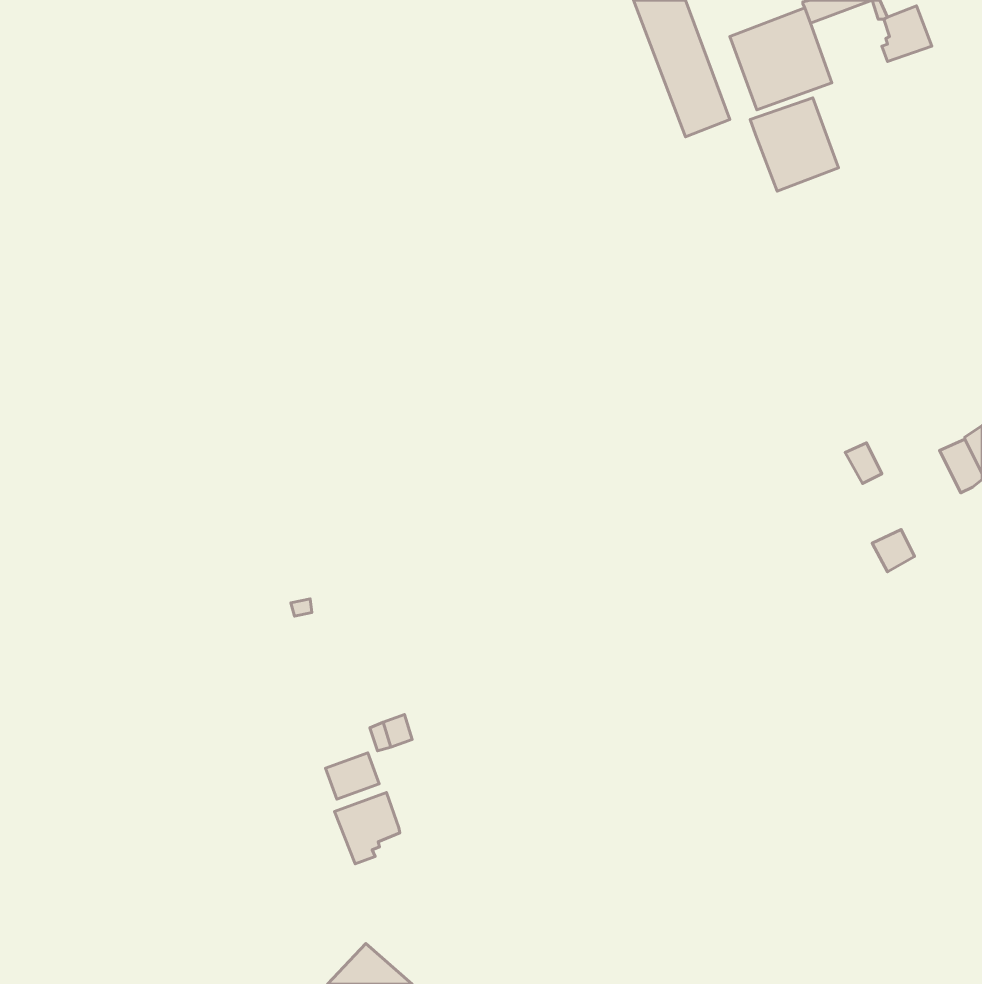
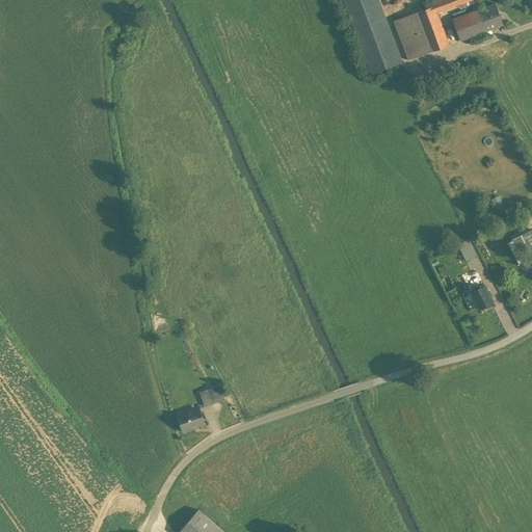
building: none -> [451,10,480,41]
building: [750,98,839,191] -> none
building: [334,793,400,864] -> none

